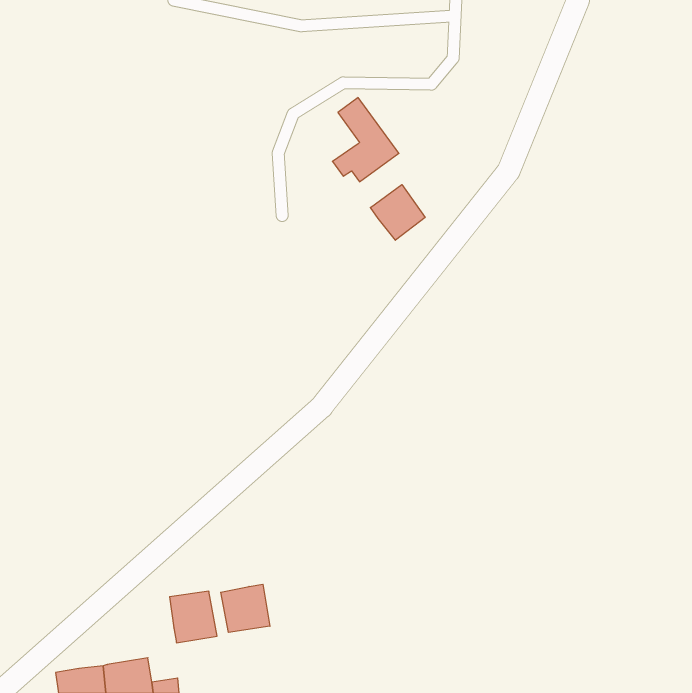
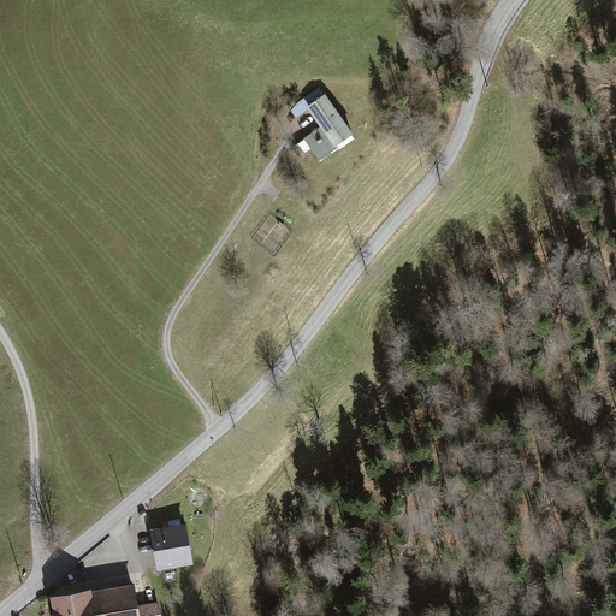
building: [370,185,425,240] -> none
building: [221,584,270,632] -> none

